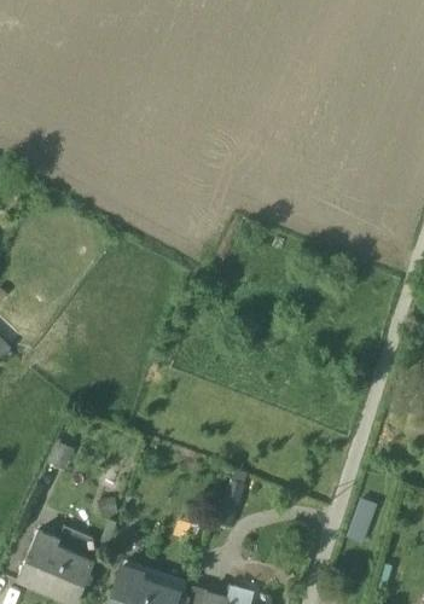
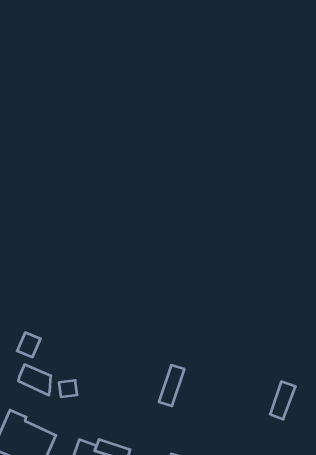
building: [57,527,95,563] -> [18,365,51,395]

